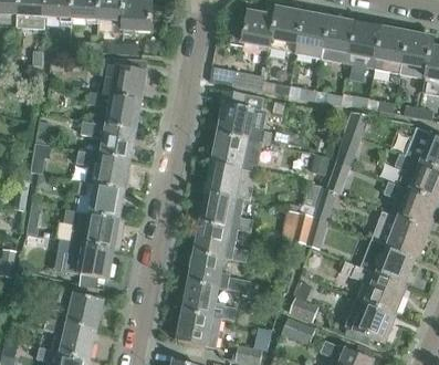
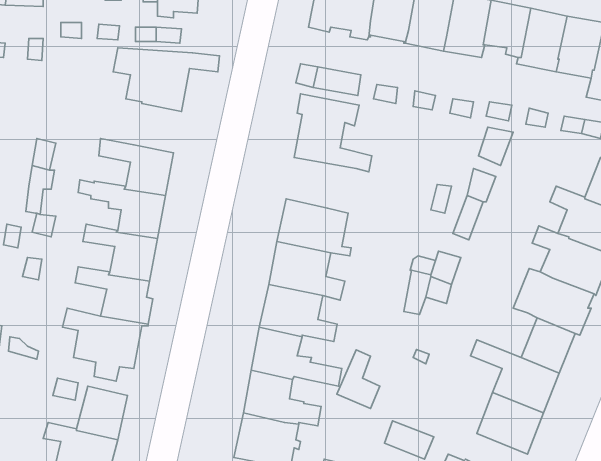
building: [87,92,139,131] -> none
building: [212,134,261,173] -> none
building: [289,281,318,322] -> [337,350,380,408]

